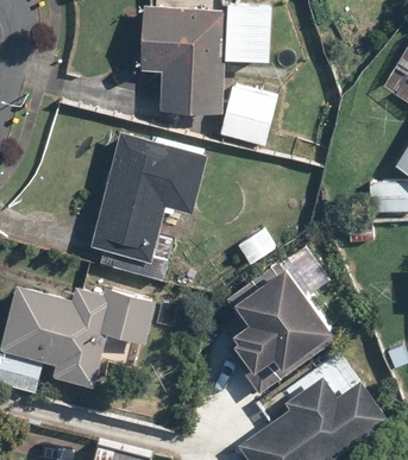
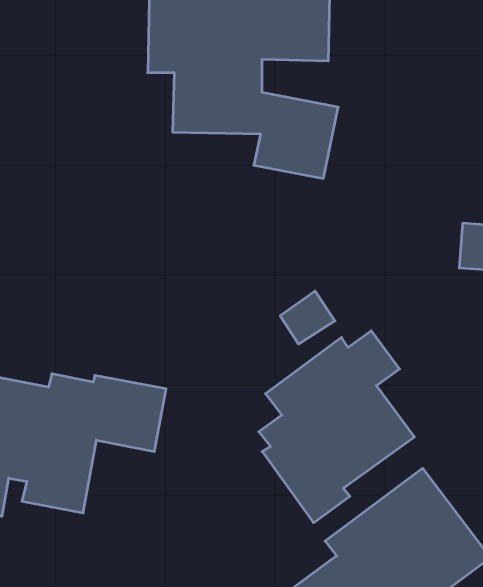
building: [92,133,207,286] -> none

